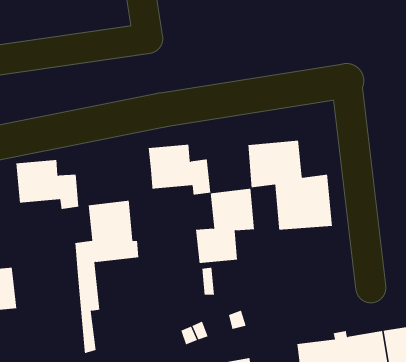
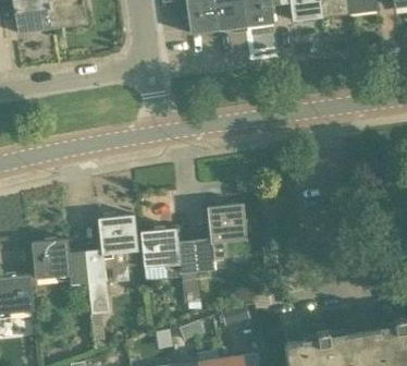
building: [248,140,333,230] -> none
building: [148,144,211,195] -> [139,227,196,272]
building: [16,159,79,209] -> [30,239,87,283]

